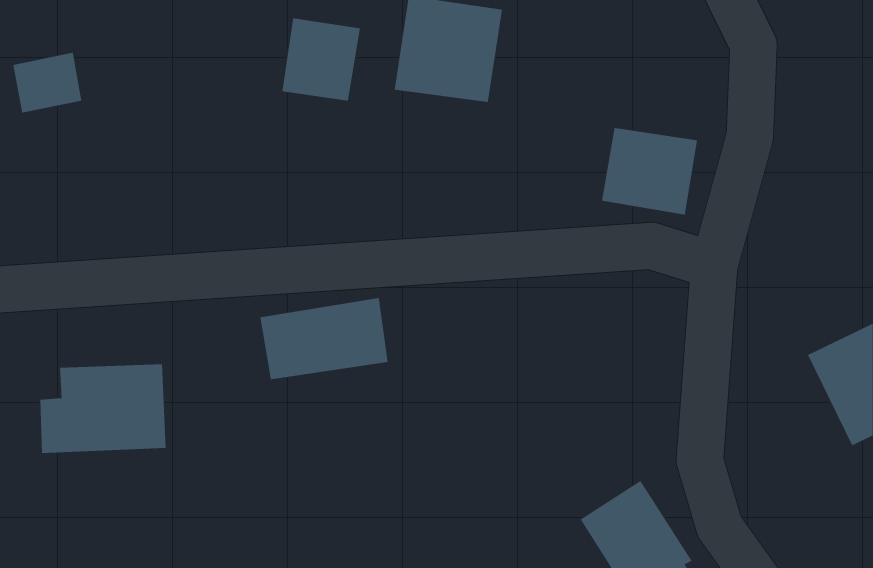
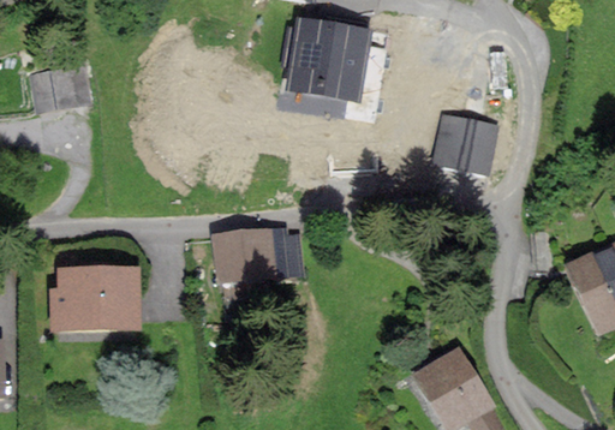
building: [282,18,360,101] -> none

